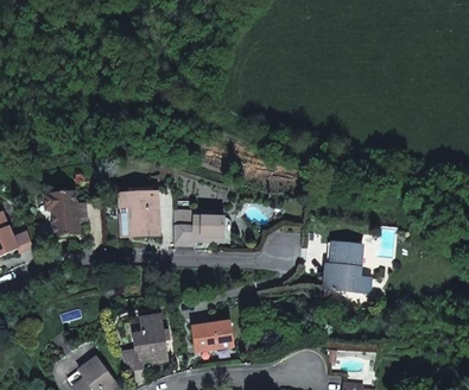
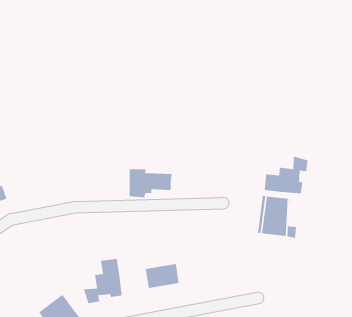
building: [44,190,85,235] -> none
building: [119,193,159,237] -> none
building: none -> [264,155,308,194]

